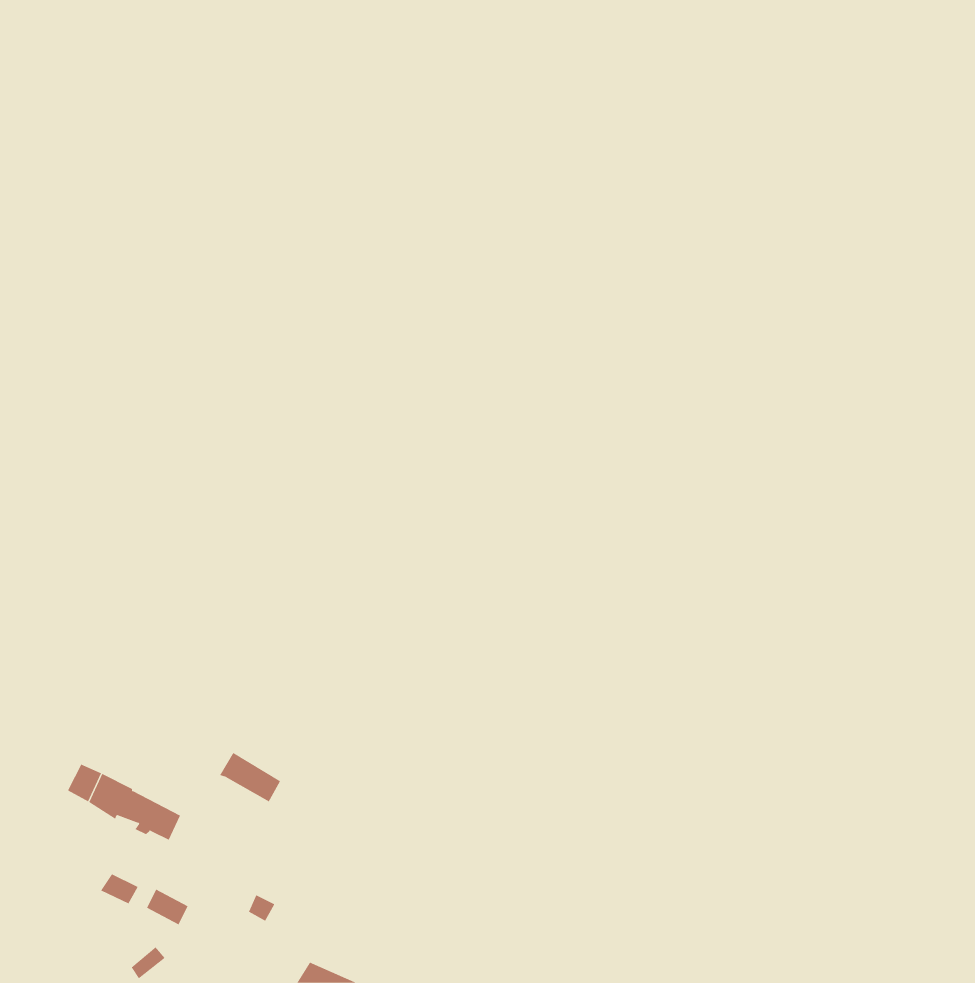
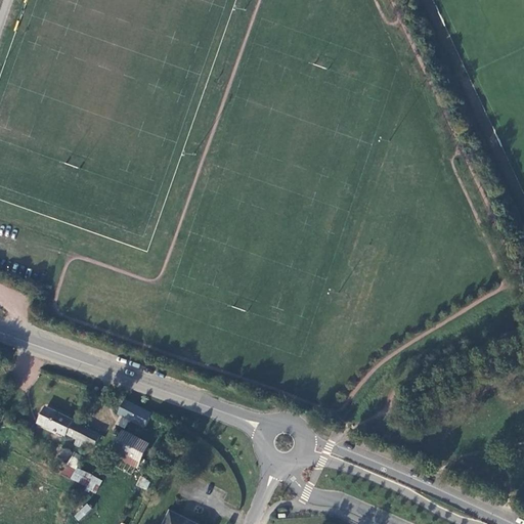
building: none -> [113,432,148,463]

